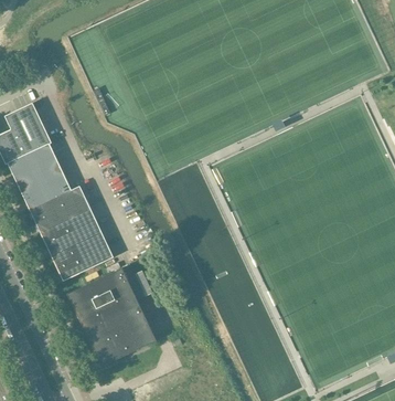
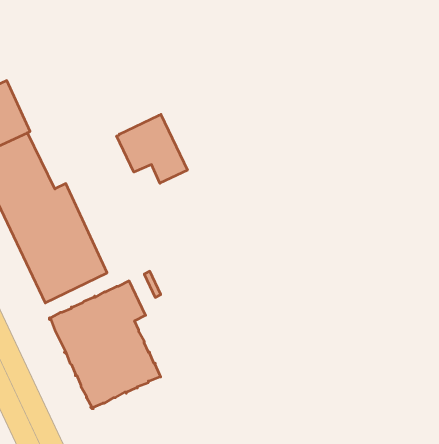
building: none -> [117,114,187,183]

